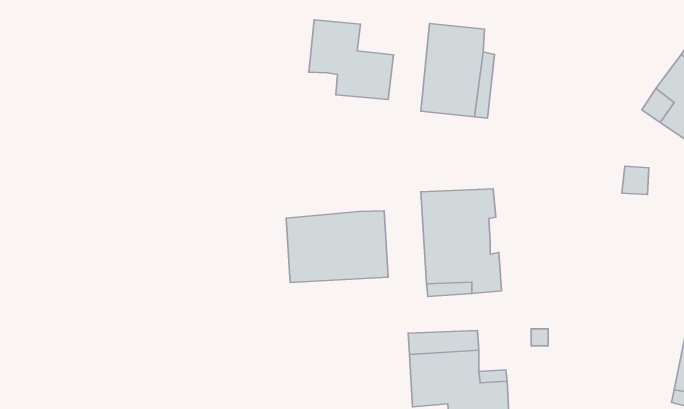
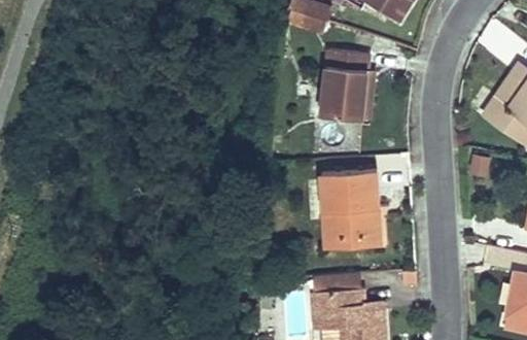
building: [309,20,393,100] -> none
building: [286,211,388,283] -> none

